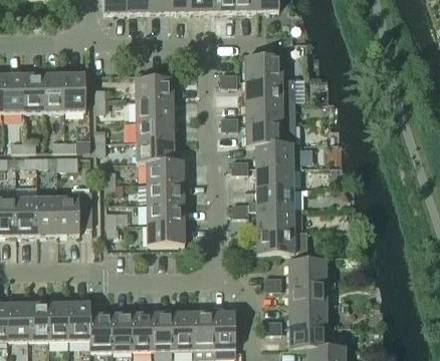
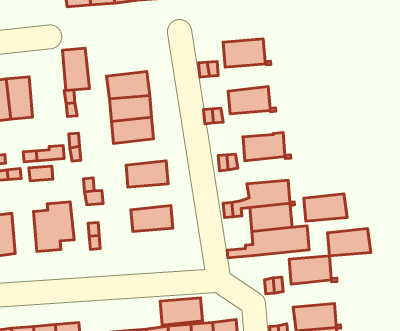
building: [63,74,85,111] -> [62,48,90,90]
building: [244,80,282,102] -> none
building: [245,123,283,146] -> none
building: [136,140,174,162] -> none
building: [255,166,293,189] -> [304,194,347,221]
building: [146,183,184,204] -> none
building: [37,198,57,235] -> none
building: [147,224,184,246] -> [160,298,202,325]
building: [288,283,326,305] -> [327,229,371,256]

